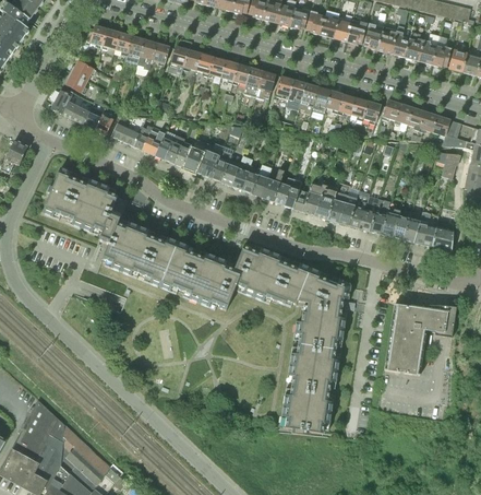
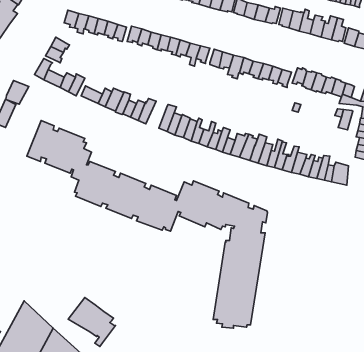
building: none -> [6,81,29,104]
building: [194,142,221,177] -> none
building: [384,302,448,375] -> none
building: none -> [68,298,116,347]

